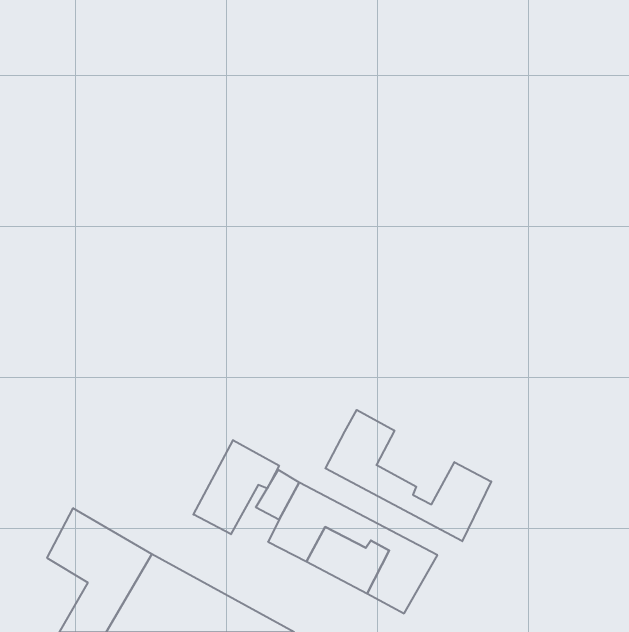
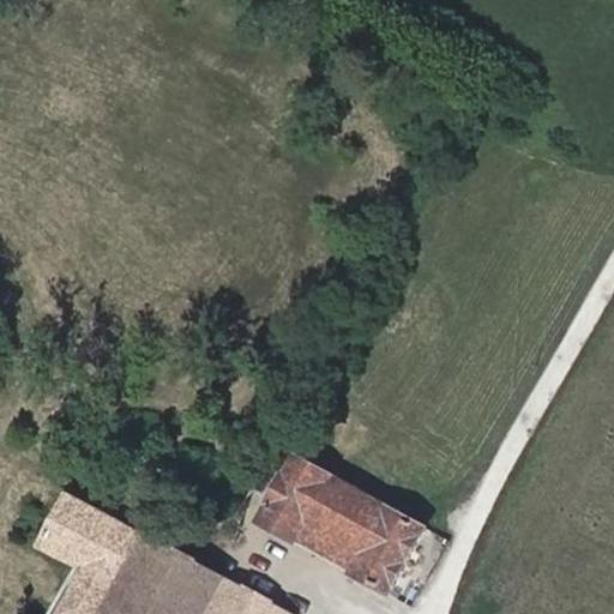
building: [325,410,491,541] -> none
building: [193,440,279,534] -> none

